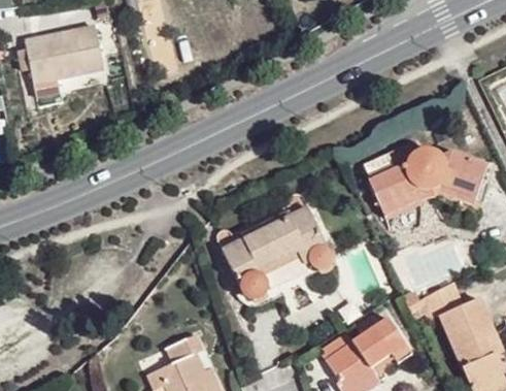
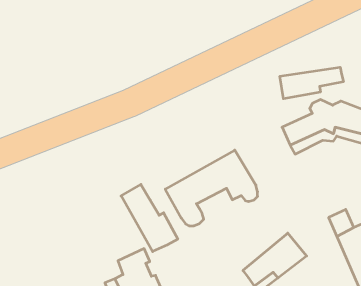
building: [22,26,99,101] -> none
building: none -> [280,67,343,99]
building: none -> [121,184,178,252]

